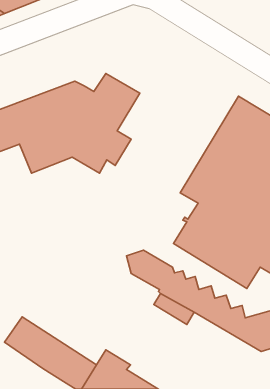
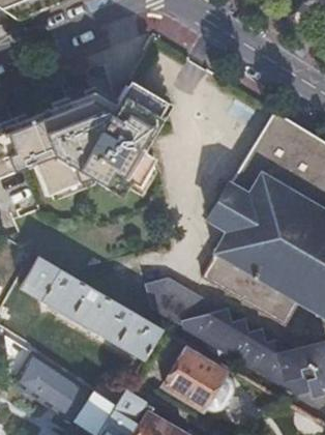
building: none -> [21,256,162,359]
building: none -> [167,349,235,409]

